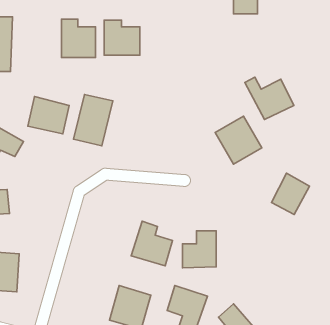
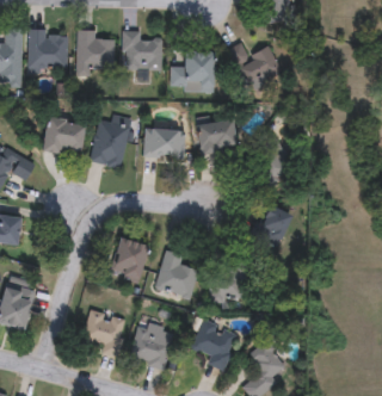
building: none -> [29,32,69,69]
building: none -> [171,51,212,91]
building: [245,77,294,120] -> [230,43,284,89]
building: none -> [196,119,236,154]
building: none -> [148,126,185,159]
building: [271,173,309,215] -> [249,203,291,248]
building: none -> [110,237,147,280]
building: none -> [84,311,128,355]

